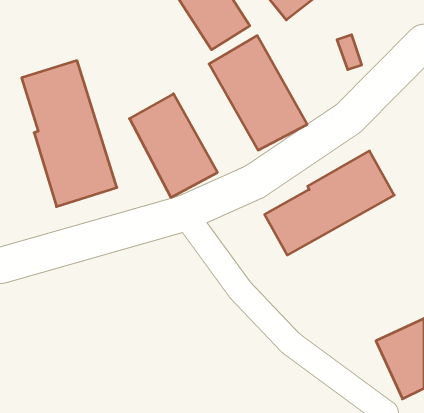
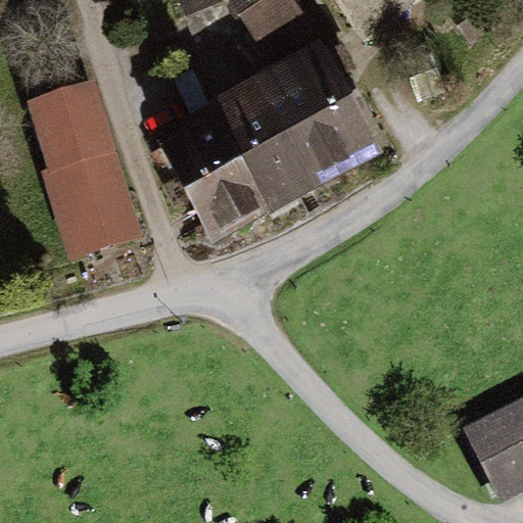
building: none -> [208,79,318,212]
building: [265,151,394,255] -> none

